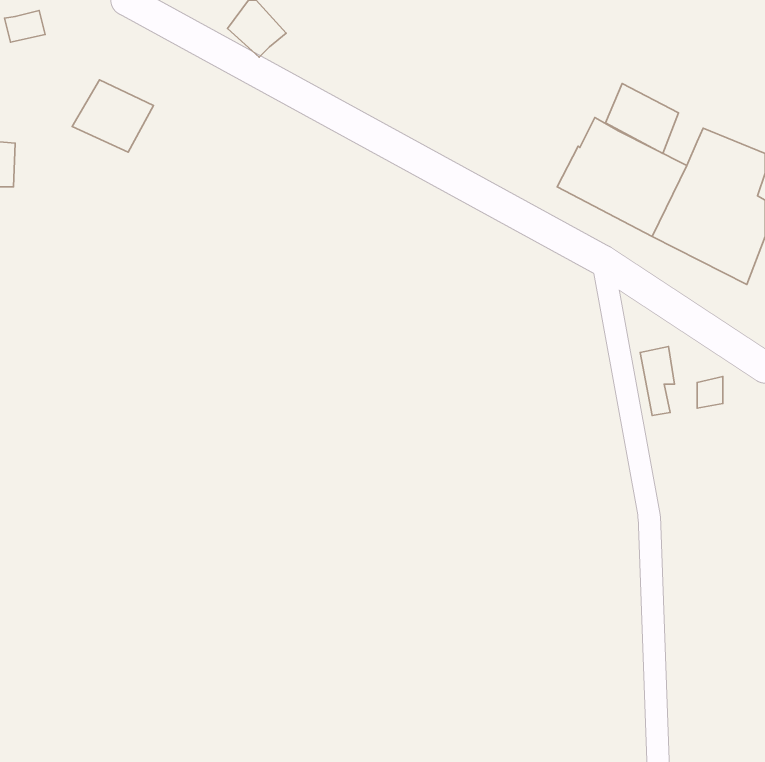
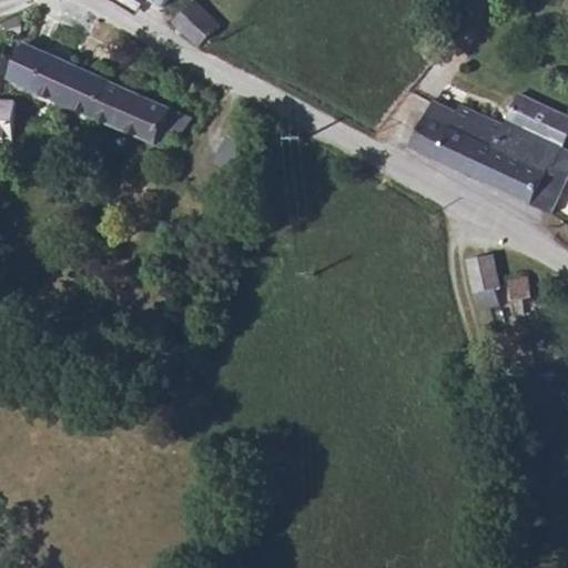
building: none -> [7,42,73,99]
building: [605,83,679,153] -> none
building: none -> [94,83,195,145]

